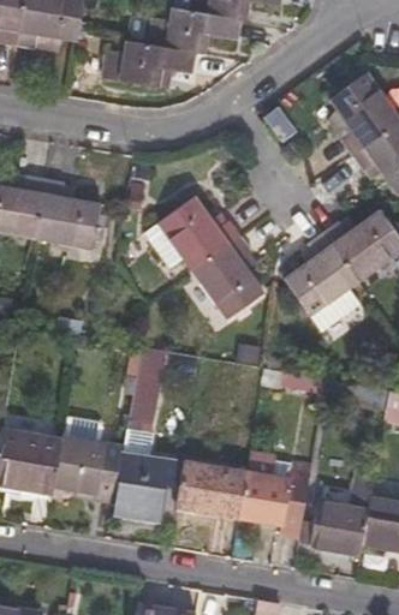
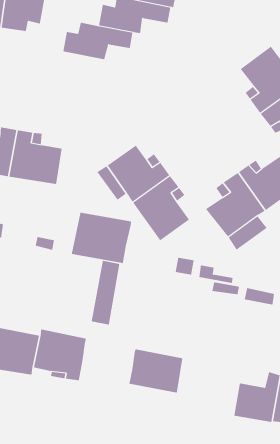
building: none -> [71,212,131,264]
building: [121,449,190,517] -> none
building: [245,460,317,537] -> none

